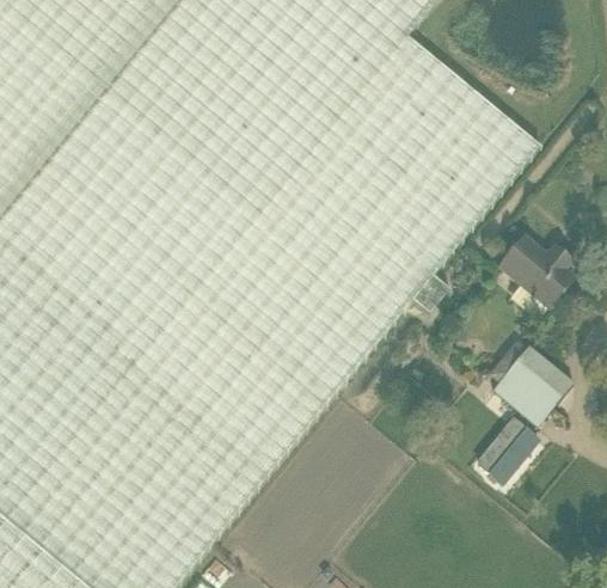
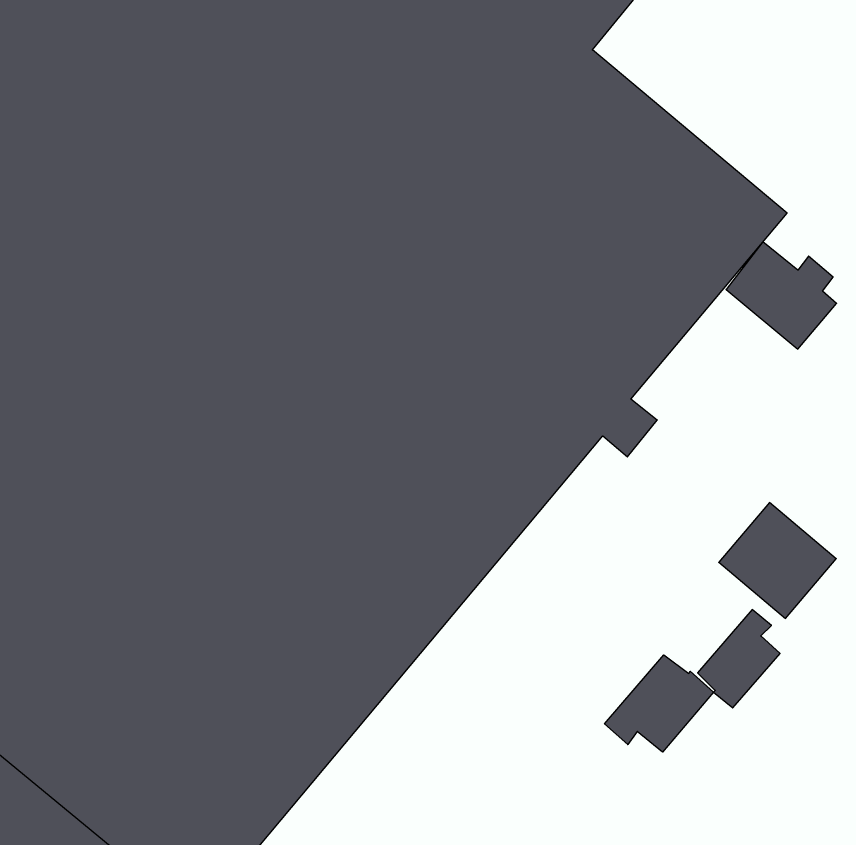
building: [498,235,574,308] -> [726,242,837,349]
building: none -> [605,655,713,752]

